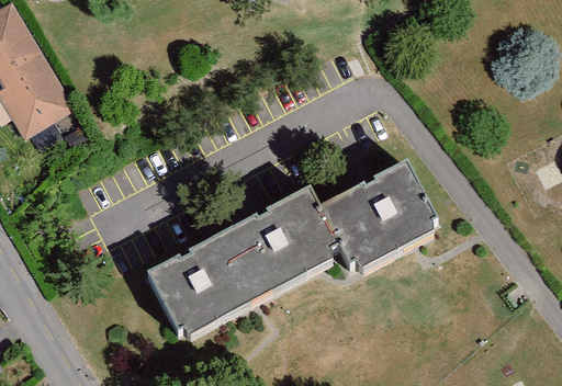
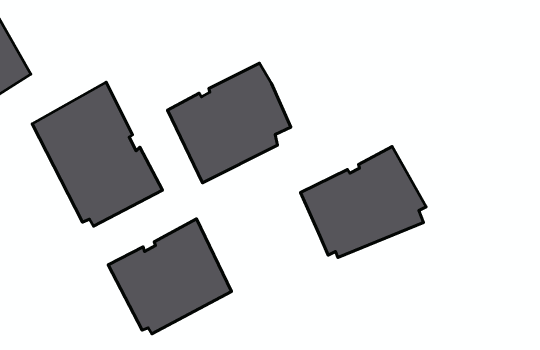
building: none -> [32,82,162,226]
building: [222,192,334,300] -> [168,63,291,183]

